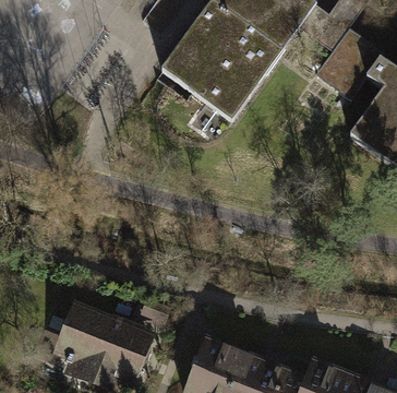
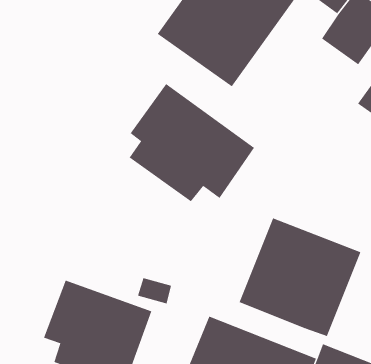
building: none -> [129,83,255,202]
building: none -> [239,217,361,337]

